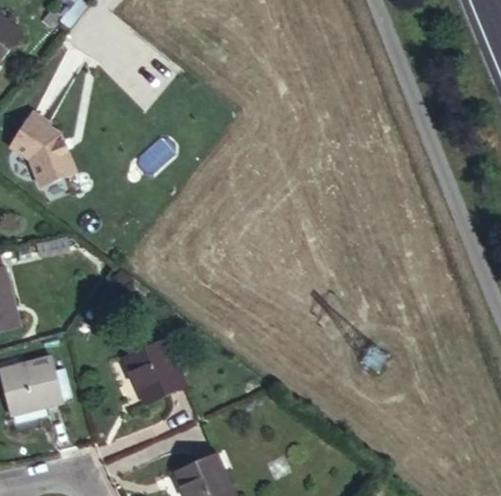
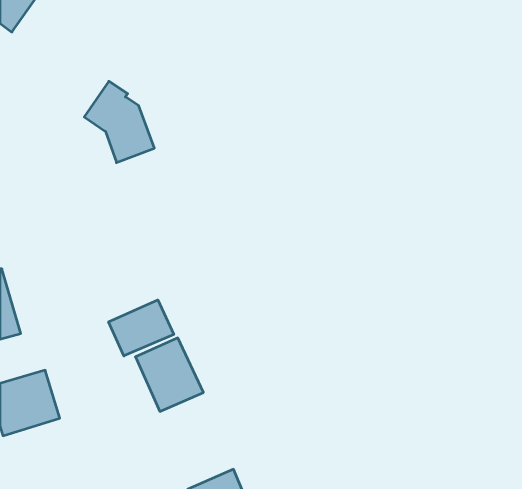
building: [15,116,78,189] -> [84,81,154,163]
building: none -> [109,300,174,356]

